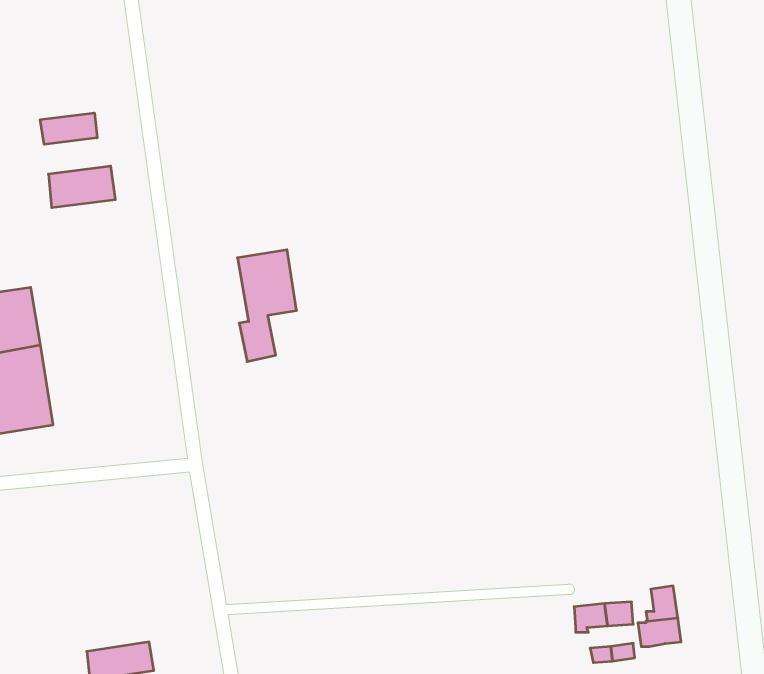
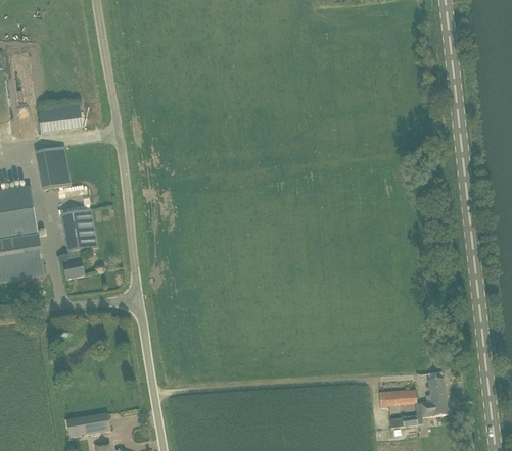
building: [40,113,97,144] -> none
building: none -> [34,145,71,189]
building: [237,250,297,362] -> [59,207,97,279]

